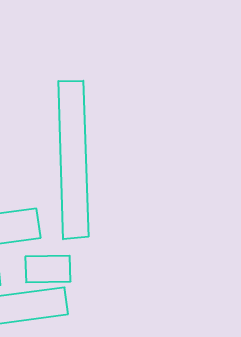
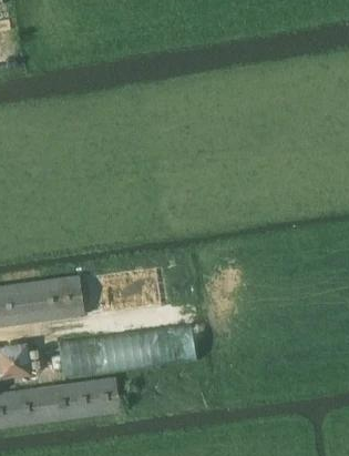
building: [58,81,88,239] -> none
building: none -> [121,327,197,364]

